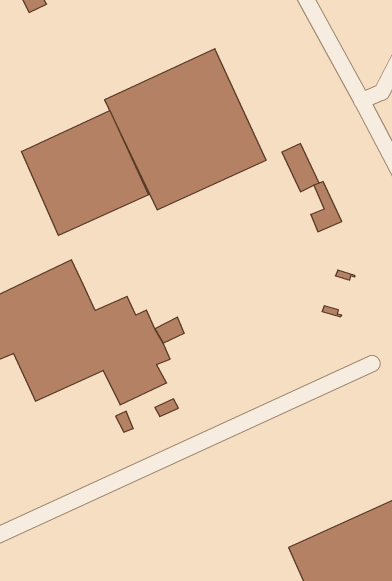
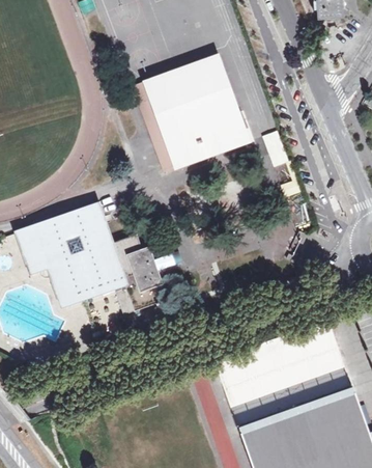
building: [22,111,148,235] -> none

